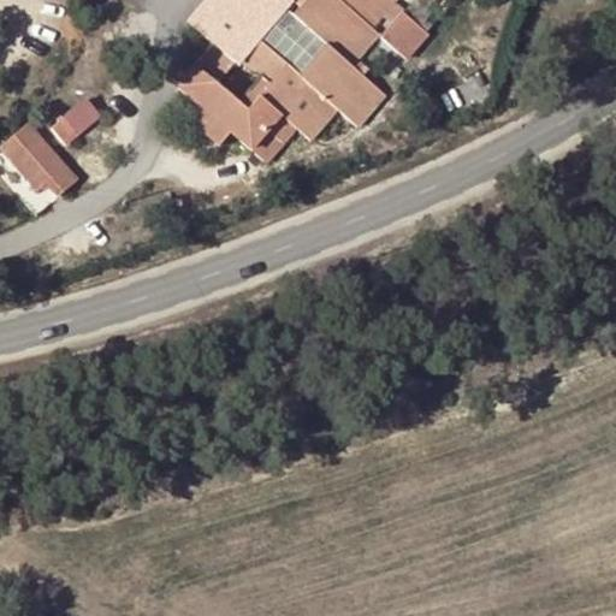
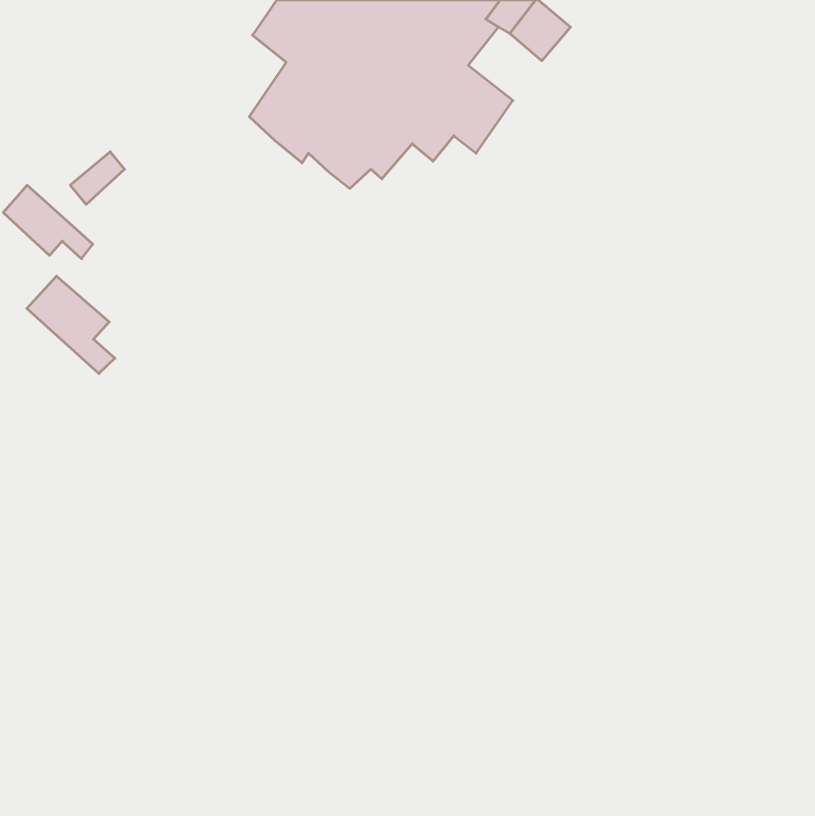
building: none -> [27,276,115,374]

